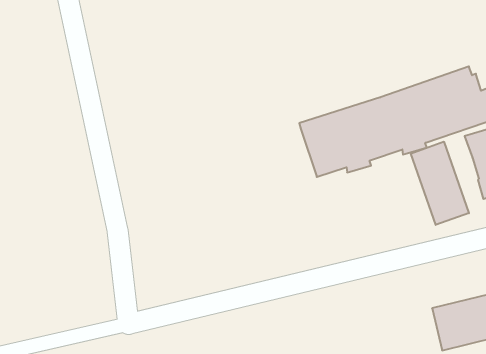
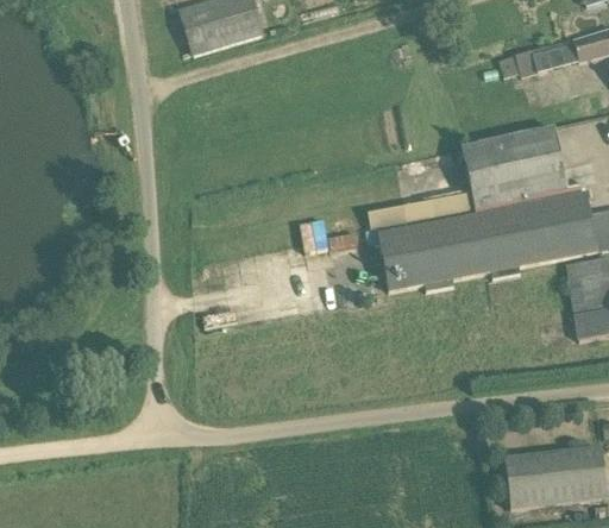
building: none -> [368,126,584,230]
building: [411,142,469,225] -> none

